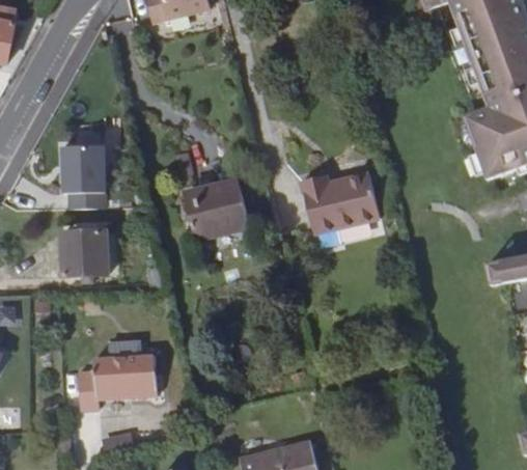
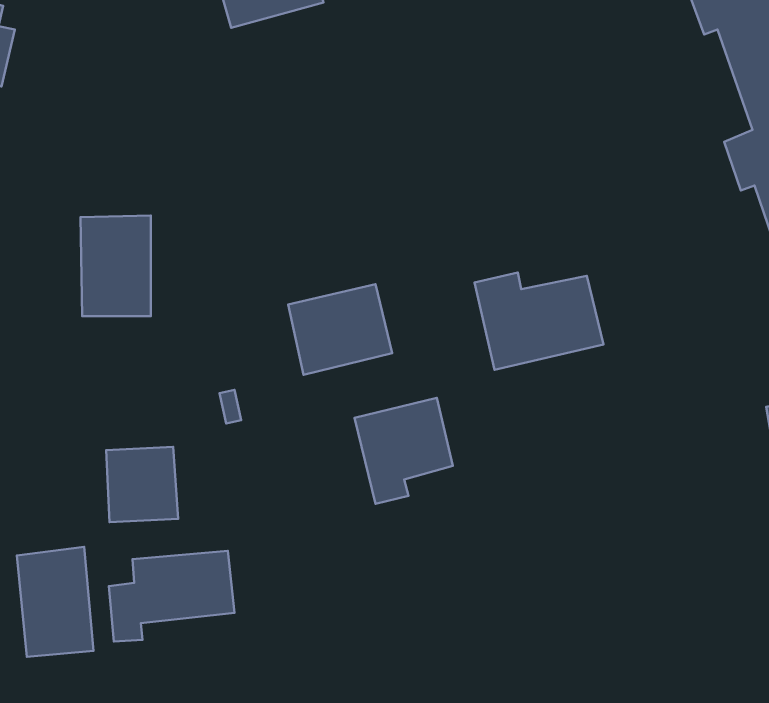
building: [62,229,107,276] -> [106,447,178,522]
building: none -> [354,398,453,504]
building: none -> [17,547,93,657]

